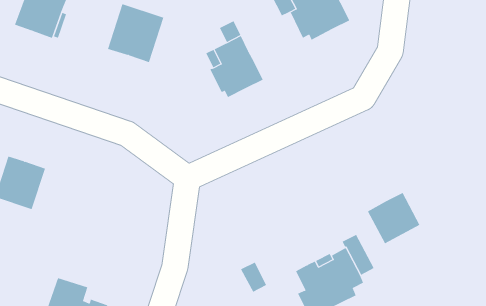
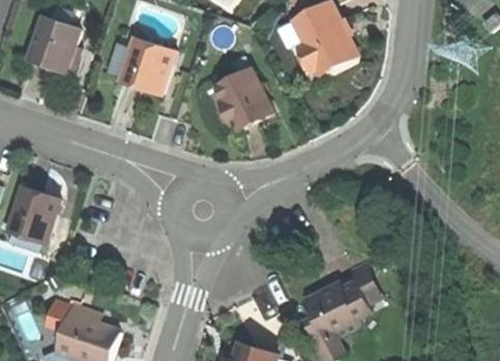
building: [367,192,420,244] -> none

